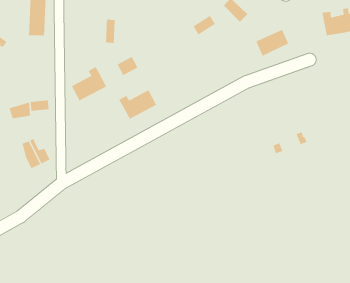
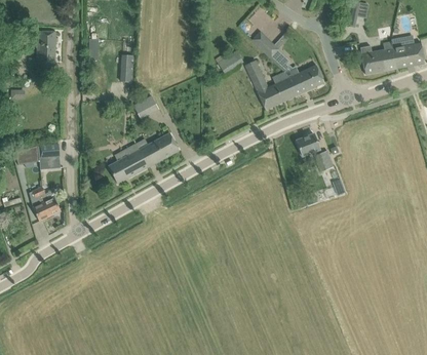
building: none -> [244,58,295,109]
building: [71,66,107,102] -> [108,143,148,182]
building: none -> [296,132,334,170]

